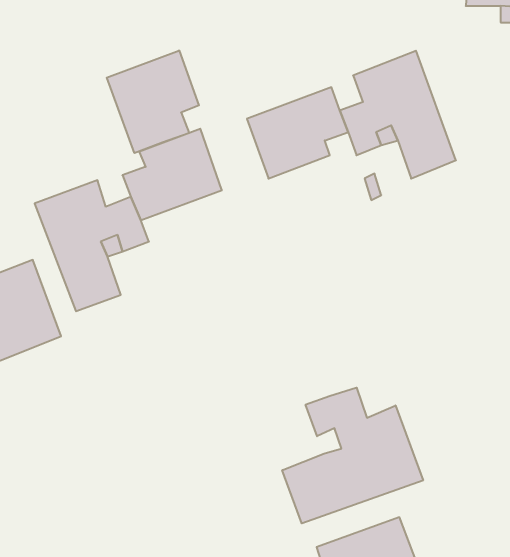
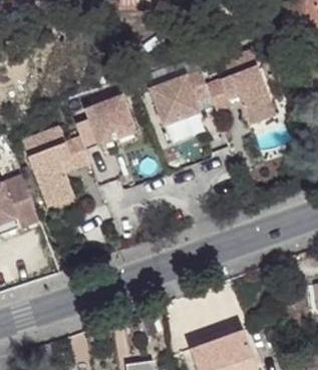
building: [107,50,199,153] -> none
building: [282,388,423,523] -> none

